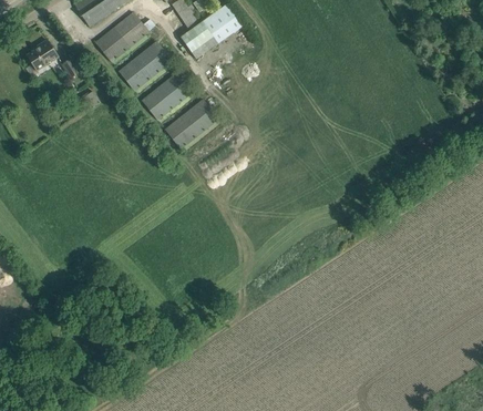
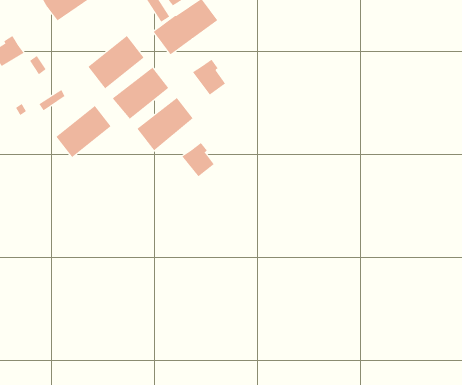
building: [95,12,148,62] -> [55,105,111,158]
building: none -> [192,59,226,95]
building: none -> [182,142,214,177]

